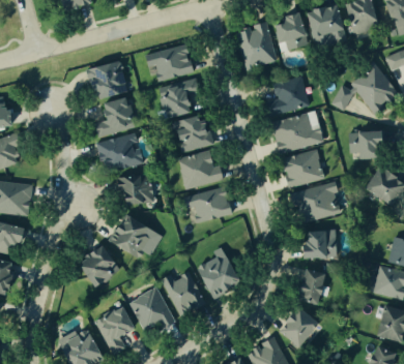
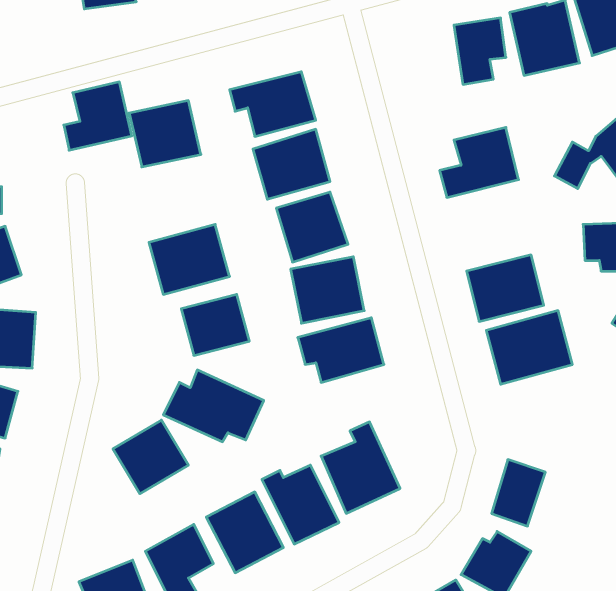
building: [237,21,278,68] -> none
building: [95,97,135,136] -> [64,82,132,150]
building: [271,113,324,153] -> none
building: [302,232,337,259] -> none

